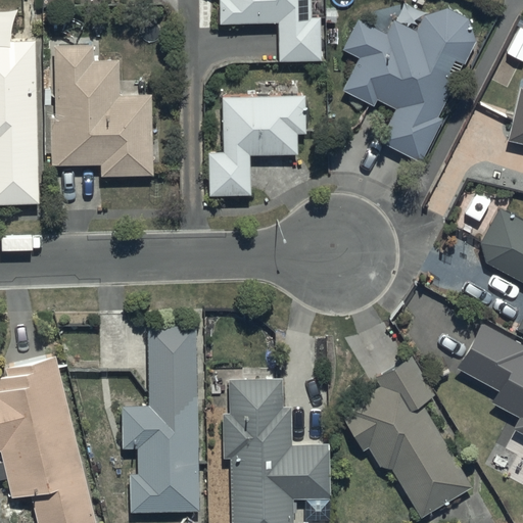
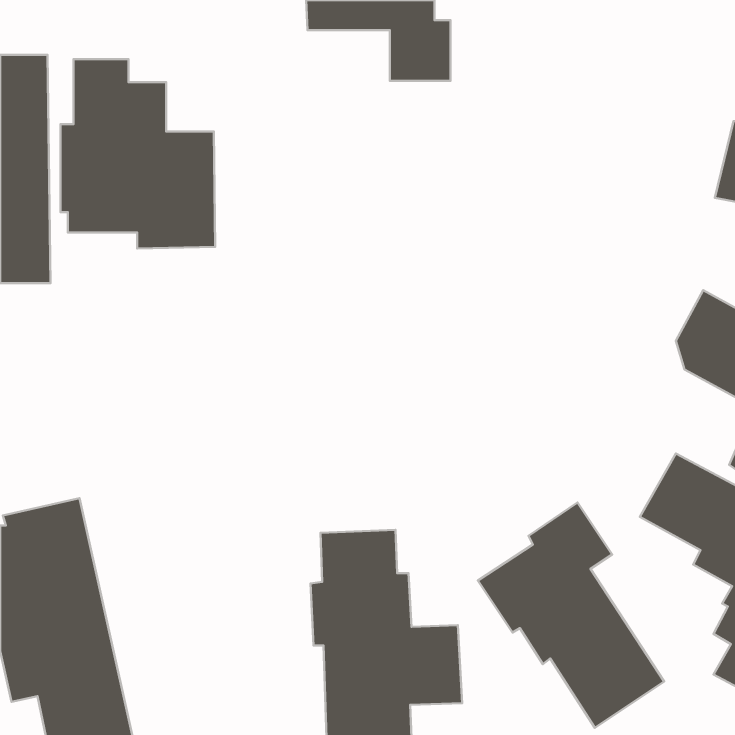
building: [341,8,476,162] -> none
building: [205,97,304,197] -> none
building: [123,325,201,514] -> none

